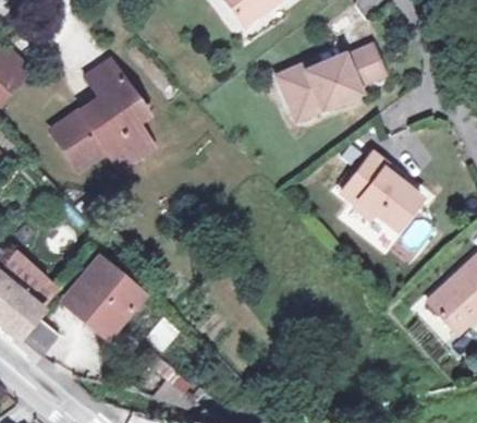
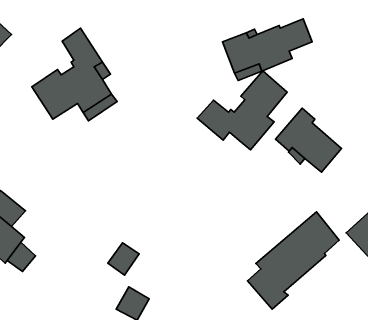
building: none -> [197,71,287,150]
building: [62,256,144,337] -> none
building: none -> [247,212,339,309]

